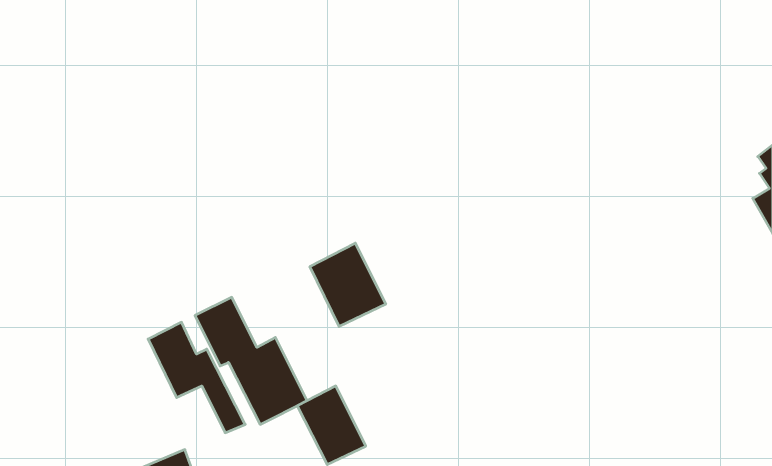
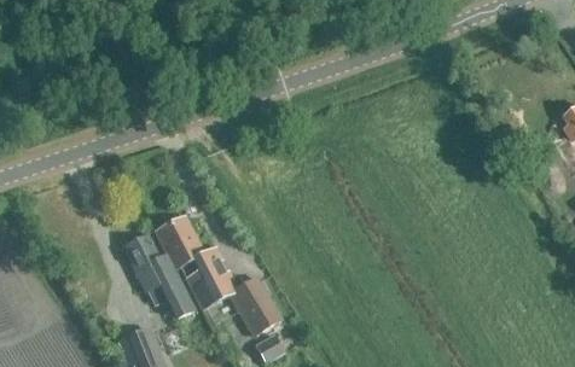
building: [310,243,386,327] -> none

